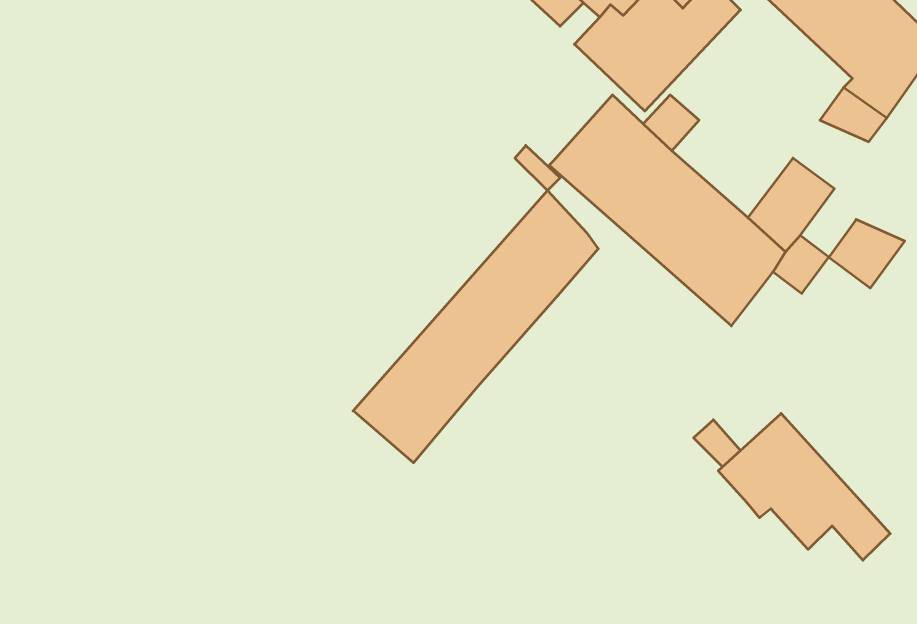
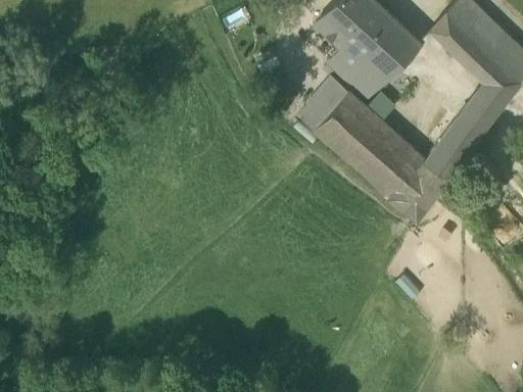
building: none -> [300,76,349,129]
building: [353,191,598,463] -> none
building: [829,219,905,288] -> [451,105,494,144]
building: [718,413,890,560] -> none

